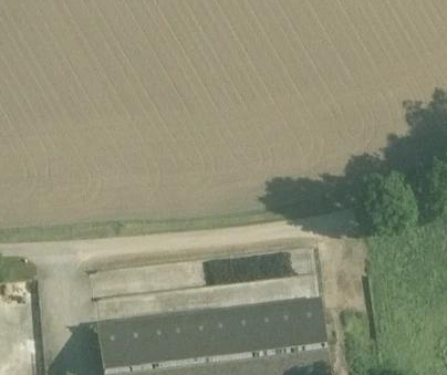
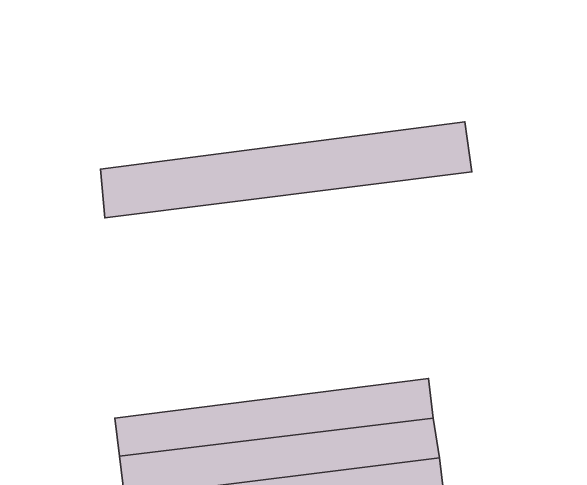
building: none -> [100,122,472,218]

